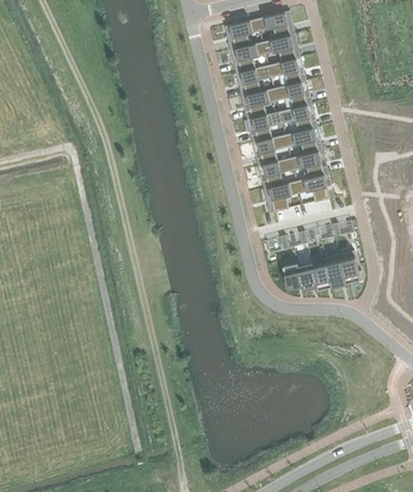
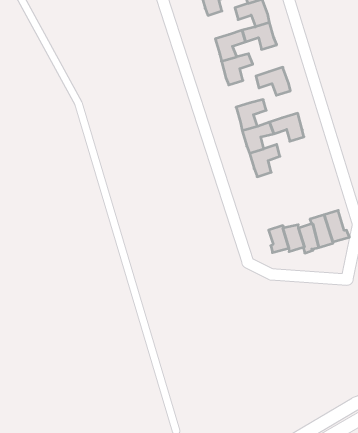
building: [234,42,264,72] -> none
building: [272,81,306,107] -> none
building: [251,111,281,141] -> none
building: [284,128,318,154] -> none
building: [295,174,328,201] -> none

